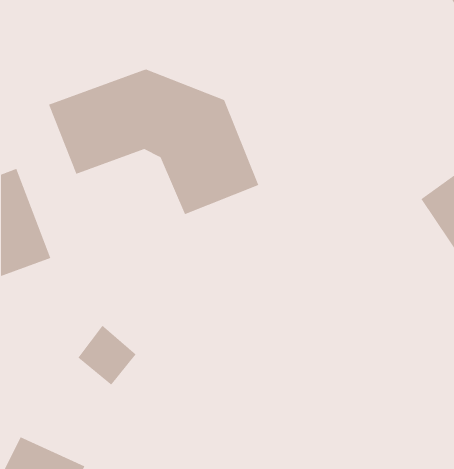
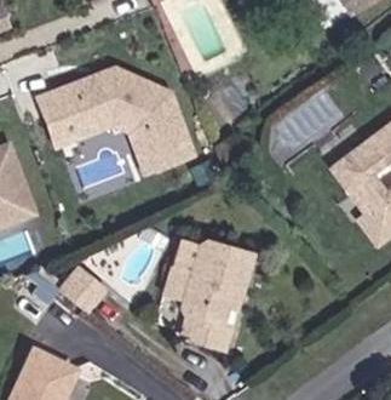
building: none -> [161,233,242,347]

